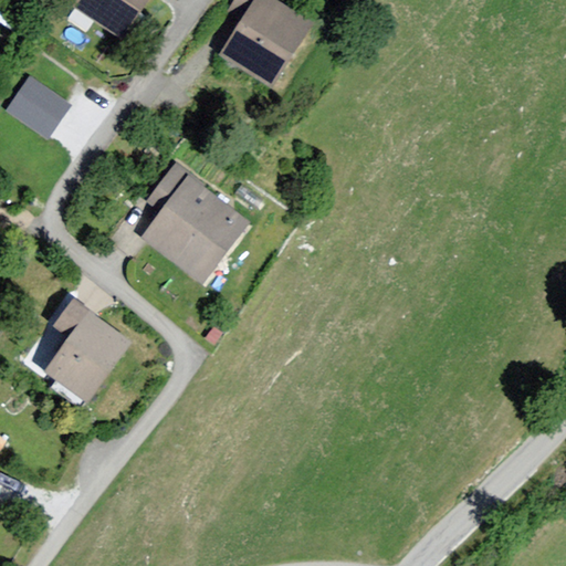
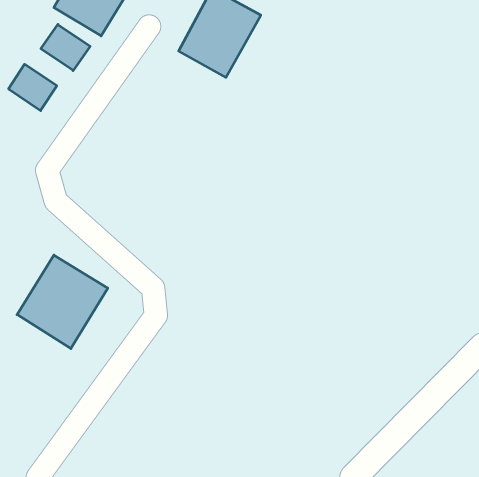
building: none -> [41,24,90,71]
building: [136,169,252,282] -> none

